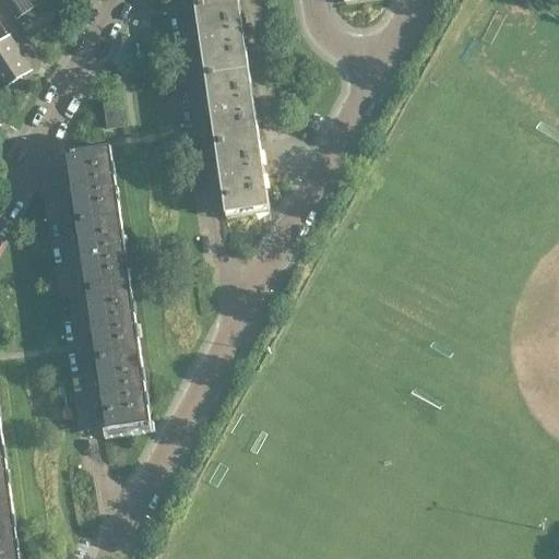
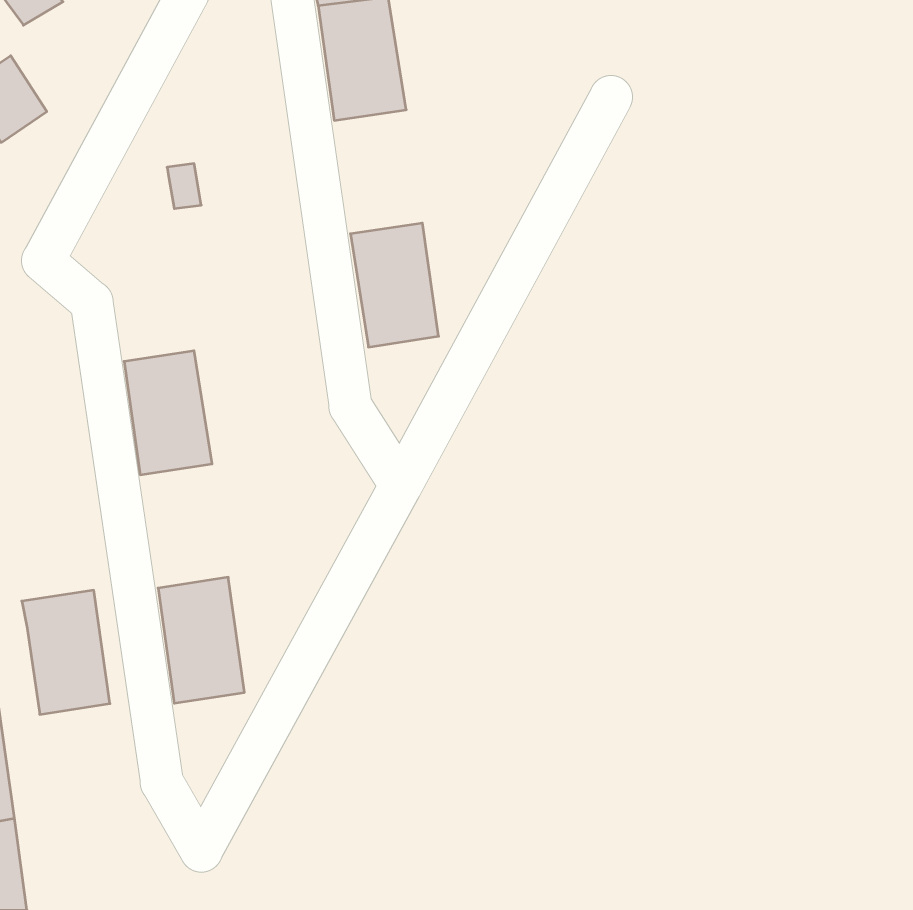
building: [203,67,257,142] -> none
building: [66,144,118,219] -> none
building: [85,282,139,357] -> [22,590,110,714]

